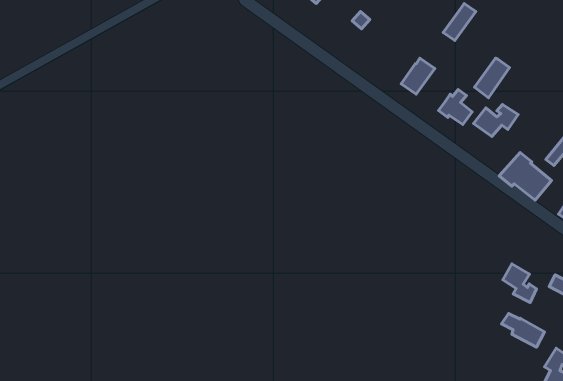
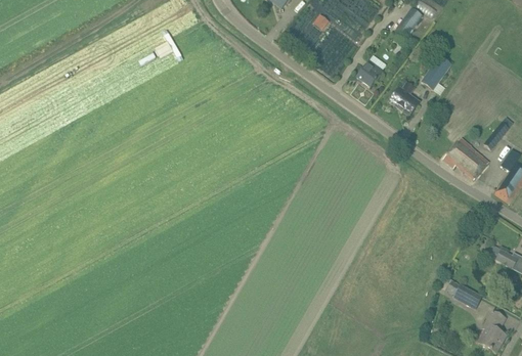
building: [474,104,518,137] -> none
building: [503,264,537,302] -> none

